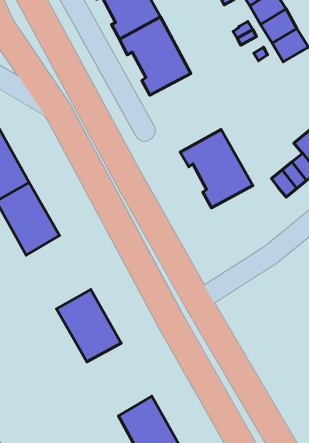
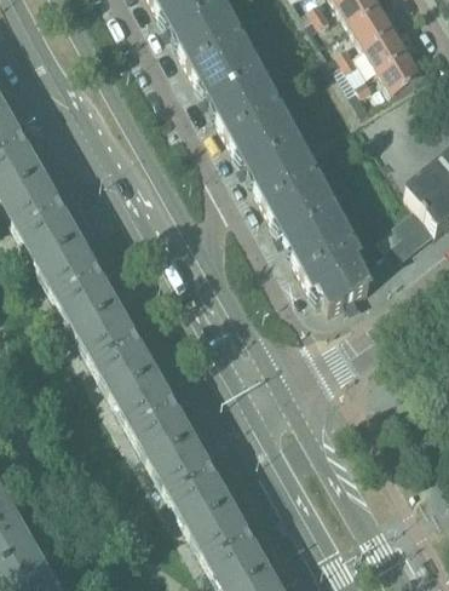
building: none -> [229,103,317,200]
building: none -> [305,241,370,304]
building: none -> [76,303,156,394]
building: none -> [151,436,231,526]

